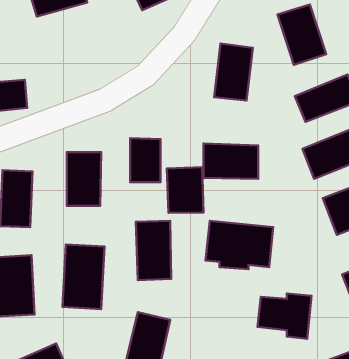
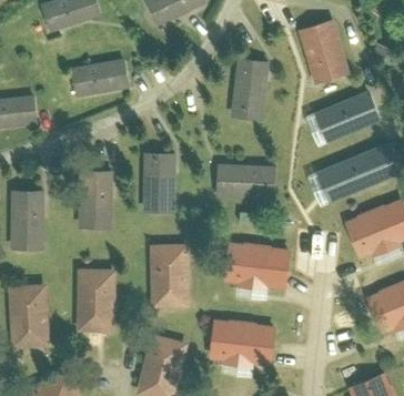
building: none -> [70,62,123,97]
building: [167,167,204,213] -> none
building: [258,294,311,339] -> [214,326,270,373]

